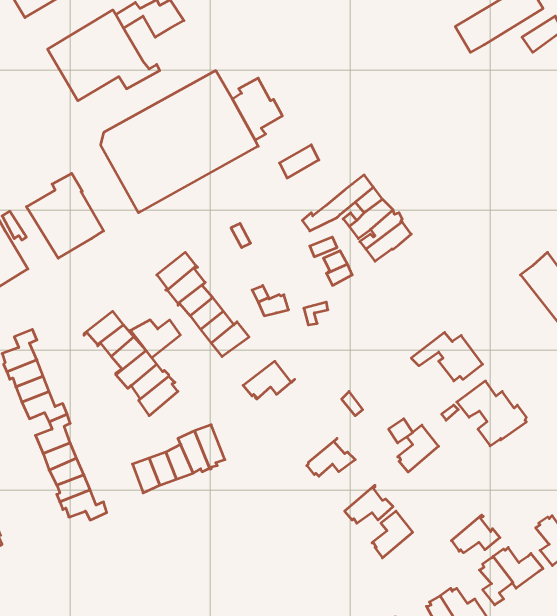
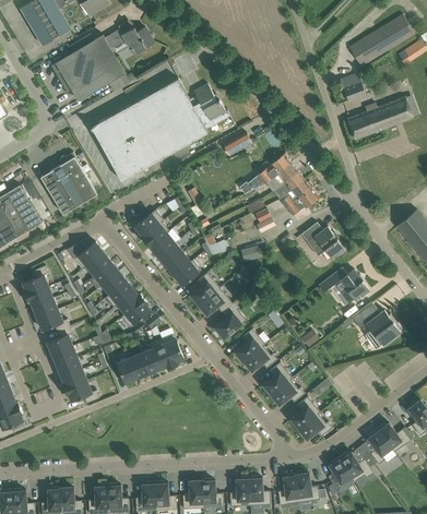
building: none -> [340,74,366,101]
building: none -> [346,96,413,140]
building: none -> [300,223,344,258]
building: [130,320,180,358] -> [67,241,103,268]
building: none -> [190,273,220,306]
building: none -> [214,301,246,338]
building: none -> [235,328,264,361]
building: [398,425,439,472] -> [262,362,292,396]
building: [451,515,500,553] -> [297,411,332,439]

